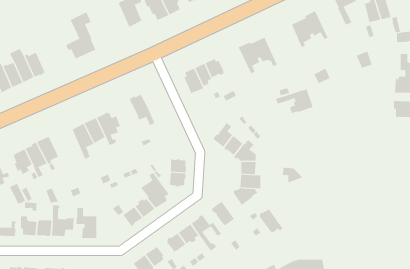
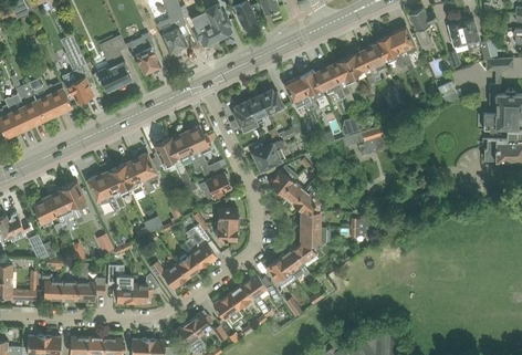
building: none -> [390,28,416,66]
building: none -> [126,34,160,74]
building: none -> [63,36,94,104]
building: none -> [331,51,376,97]
building: none -> [285,77,316,122]
building: none -> [185,126,212,177]
building: none -> [154,138,187,177]
building: none -> [253,142,284,170]
building: none -> [200,174,231,199]
building: none -> [88,175,118,212]
building: [258,208,284,234] -> [280,250,310,280]
building: none -> [133,274,159,303]

